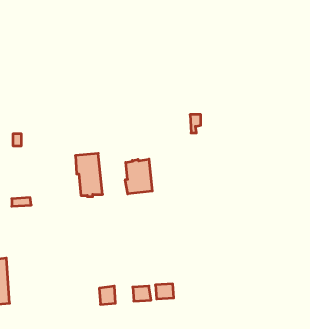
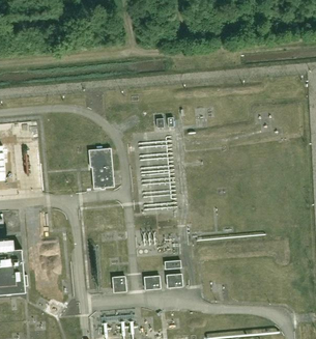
building: [125,159,152,194] -> none

